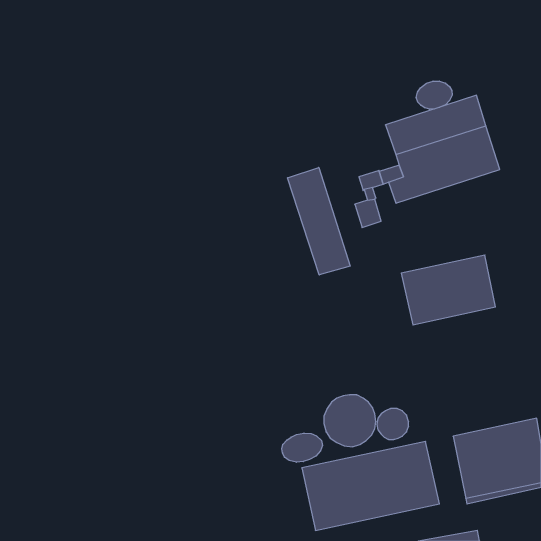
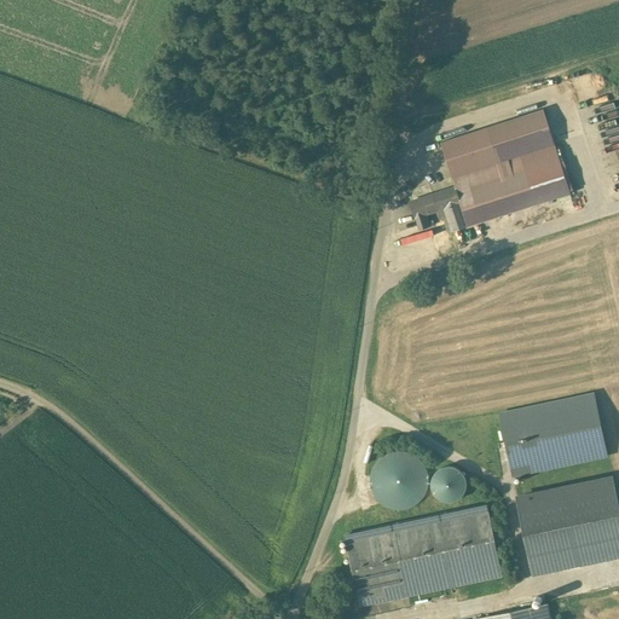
building: [416,81,452,109] -> none
building: [288,167,350,275] -> none
building: [401,255,495,325] -> [499,395,607,475]
building: [282,433,322,462] -> none

